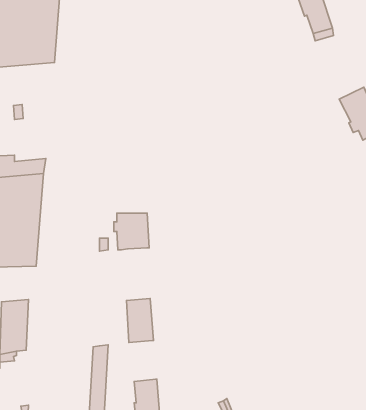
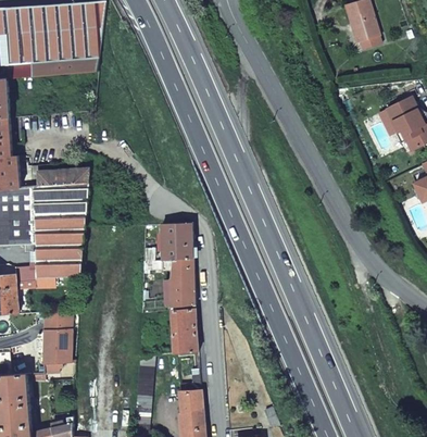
building: none -> [162,258,194,307]

